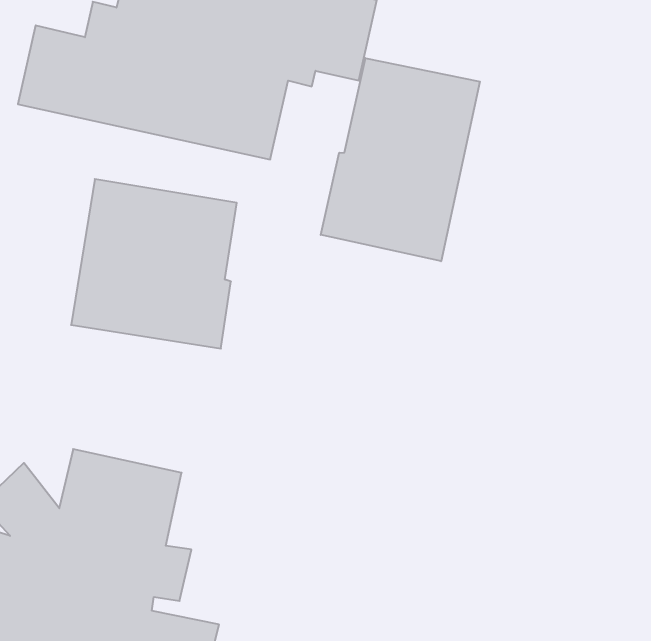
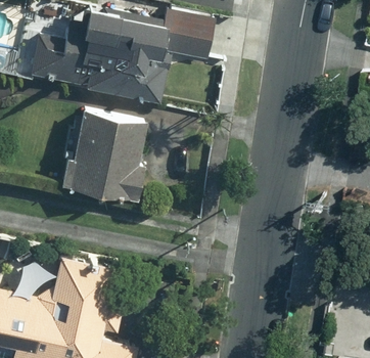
building: [321,58,480,261] -> none

